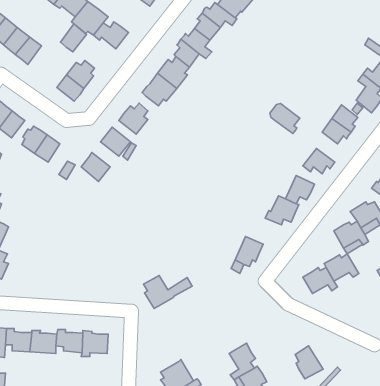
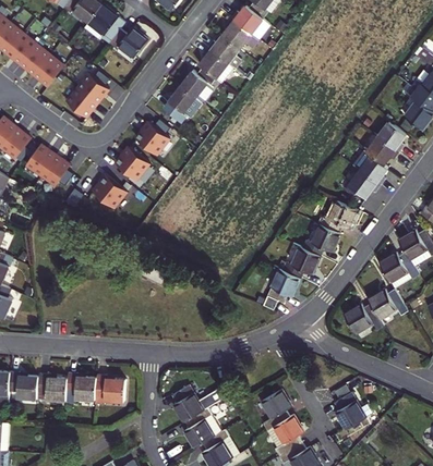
building: [60,24,87,52] -> [34,54,63,86]
building: [270,104,300,134] -> [353,151,387,185]
building: none -> [279,246,320,278]
building: [144,275,192,308] -> [171,384,226,421]

